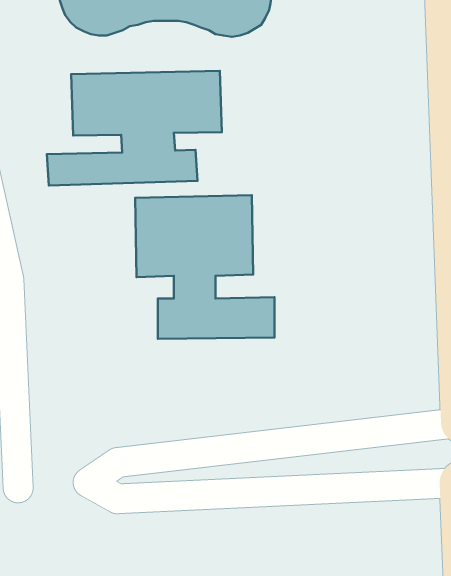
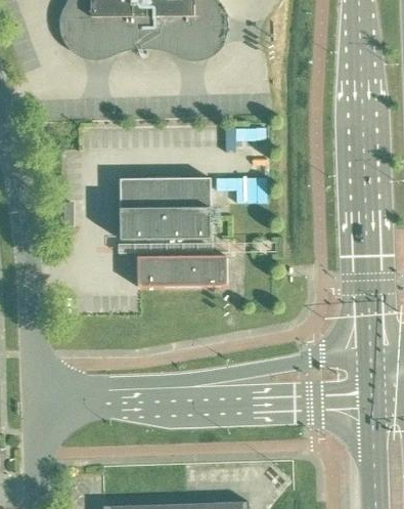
building: [47,71,222,185] -> none

